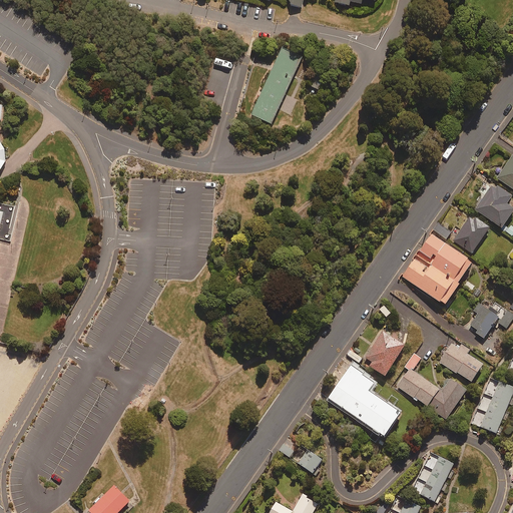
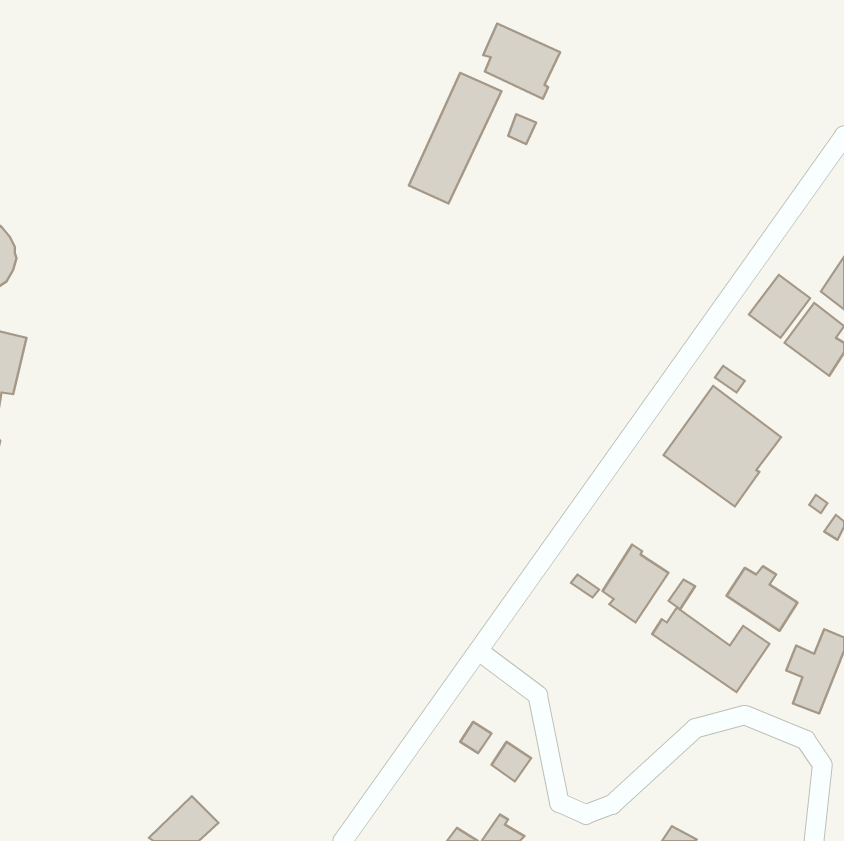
building: none -> [483,23,560,99]
building: [452,214,489,252] -> [749,275,810,338]
building: [468,303,499,338] -> none
building: [327,367,402,440] -> none
building: [420,457,453,501] -> none

